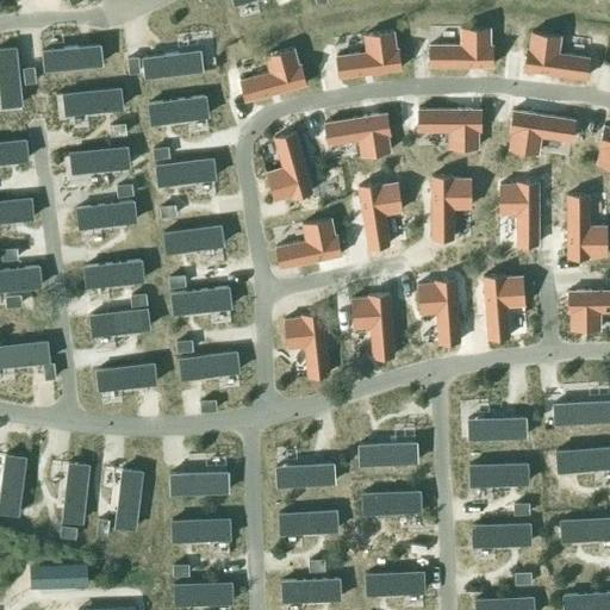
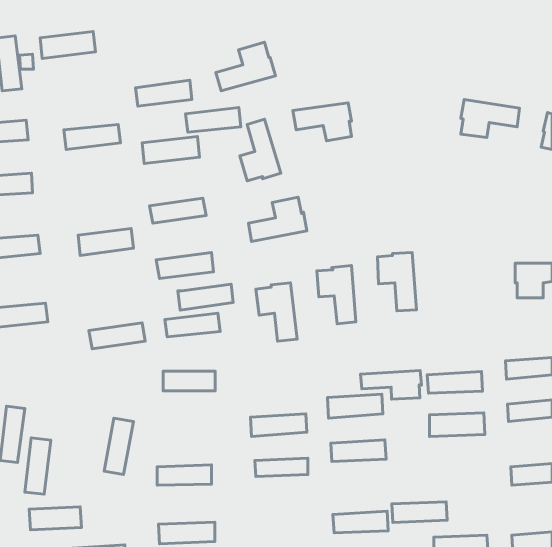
building: [428,35,490,73] -> none
building: [332,37,397,82] -> none
building: [521,38,585,85] -> none
building: [143,49,204,76] -> [186,107,241,132]
building: [62,88,124,113] -> none
building: [415,116,477,154] -> none
building: [429,182,467,244] -> none
building: [355,188,398,253] -> none
building: [496,188,534,250] -> none
building: [80,201,138,229] -> none
building: [564,201,602,263] -> none
building: [480,280,521,344] -> none
building: [92,307,152,336] -> [178,284,233,310]
building: none -> [360,371,422,399]
building: [63,462,92,524] -> [25,438,51,494]
building: [172,471,229,492] -> [163,371,215,391]
building: [473,523,534,546] -> [392,502,447,522]
building: [282,577,343,603] -> none

